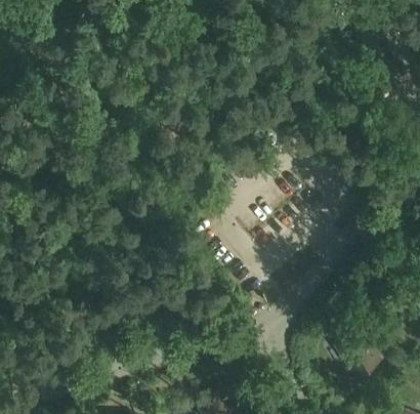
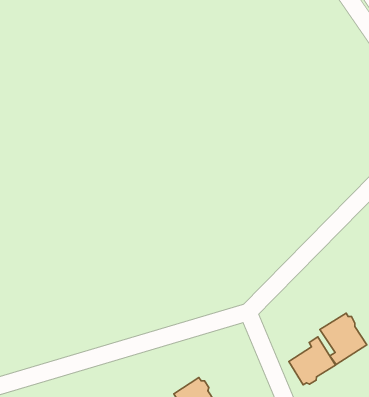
building: none -> [289,337,335,385]

